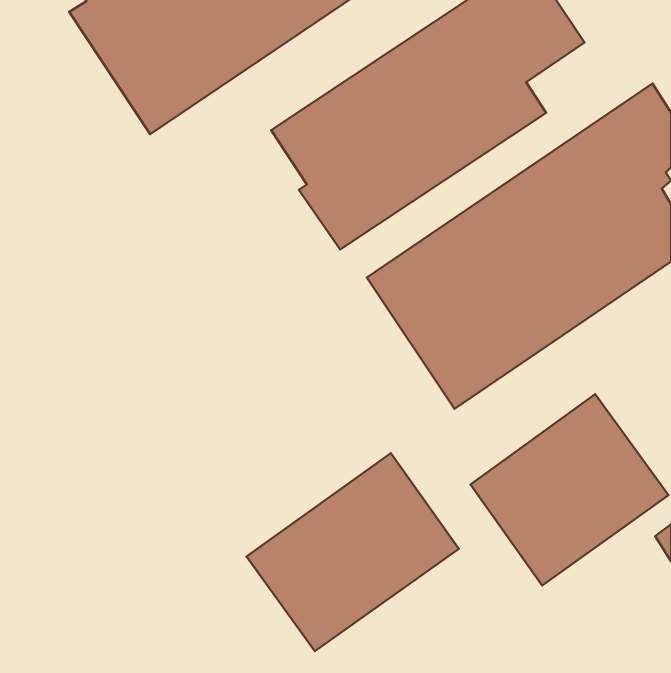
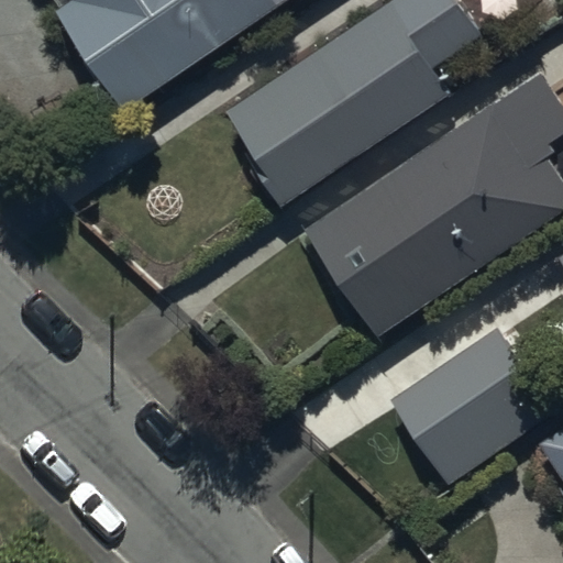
building: [246,453,459,651] -> none

